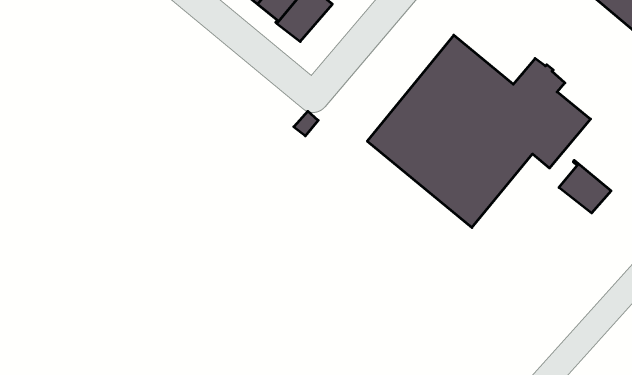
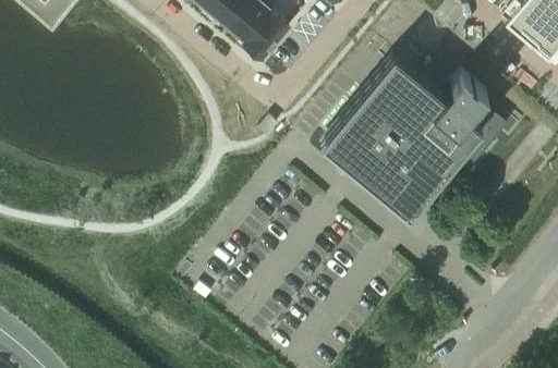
building: [559,160,611,213] -> none

